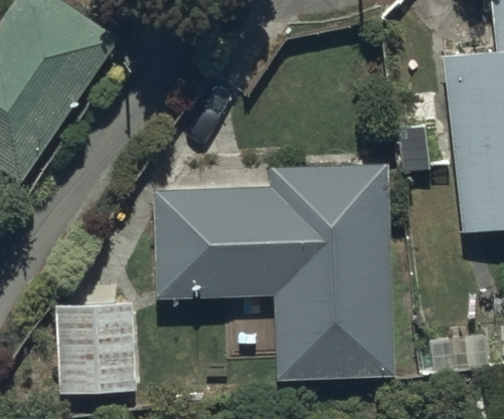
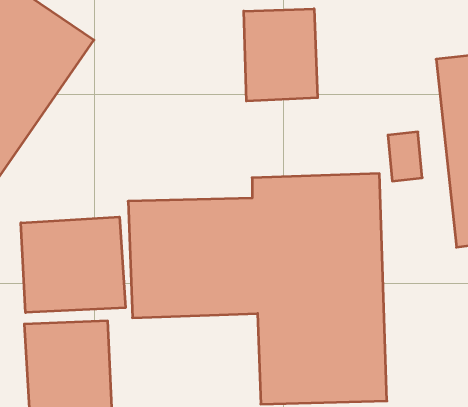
building: none -> [244,9,318,101]
building: none -> [21,217,125,313]

